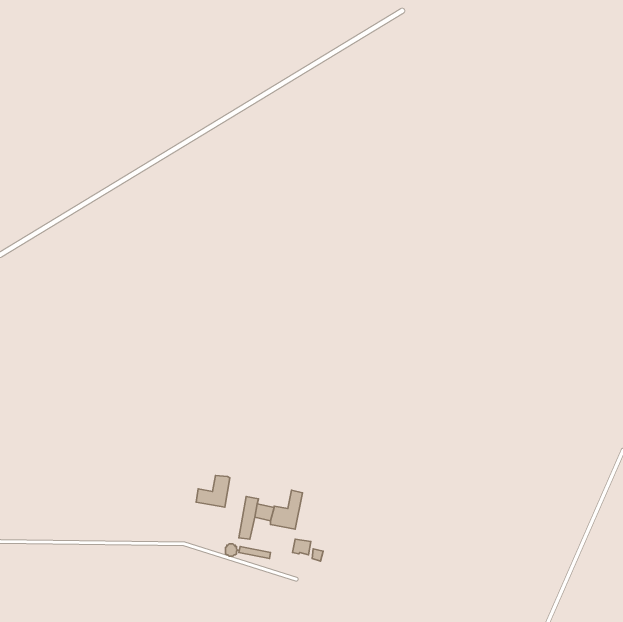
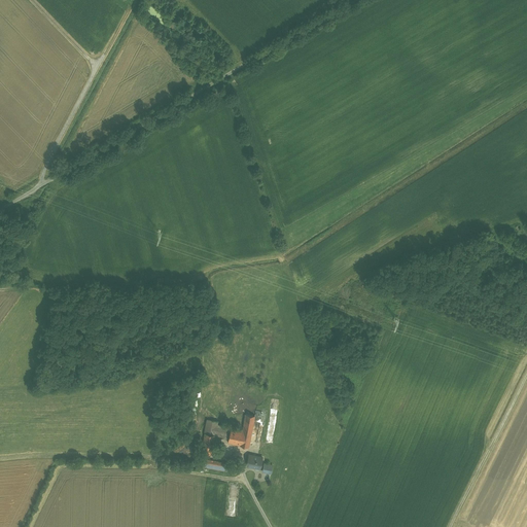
building: [196,475,230,507] -> none

